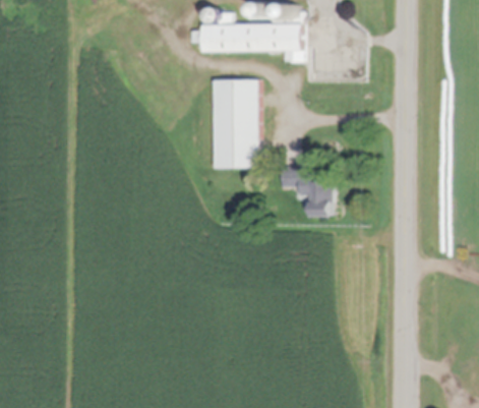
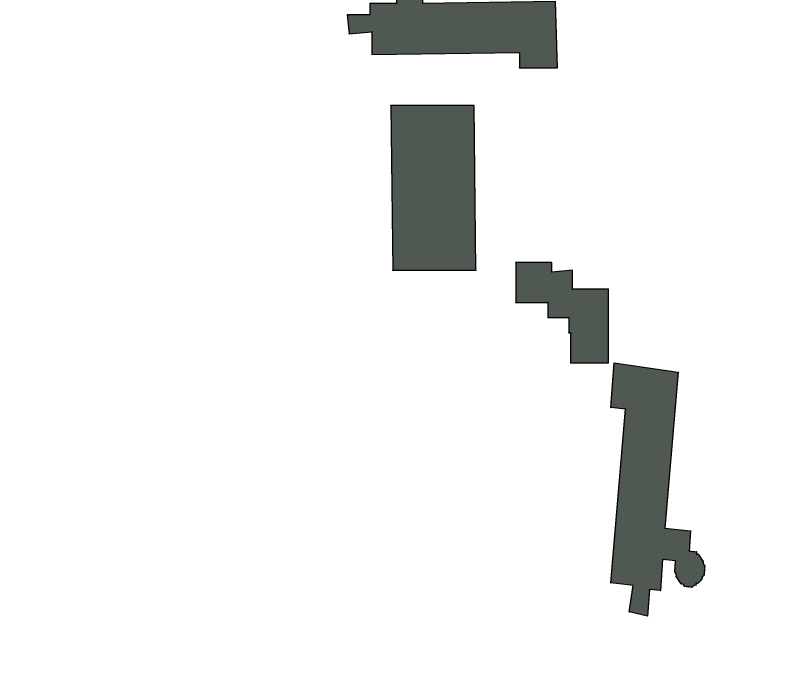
building: none -> [611,363,705,616]

